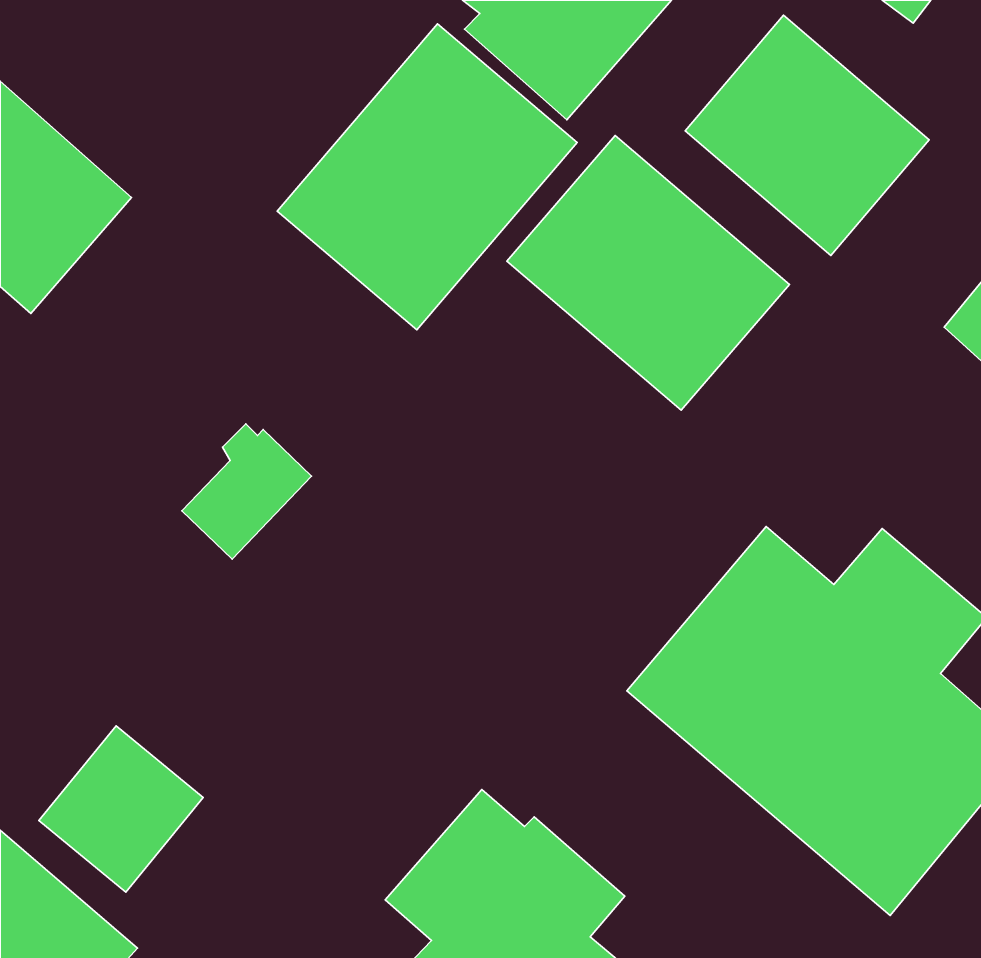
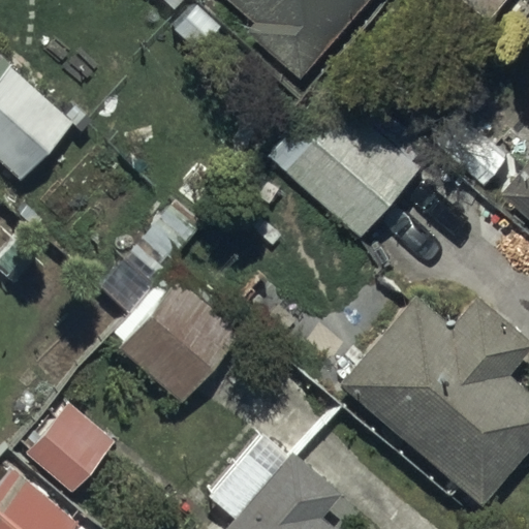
building: [685,15,929,256] -> none
building: [277,24,577,330] -> none
building: none -> [116,284,238,403]

